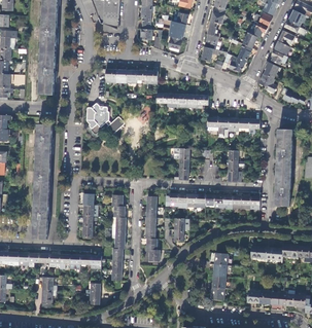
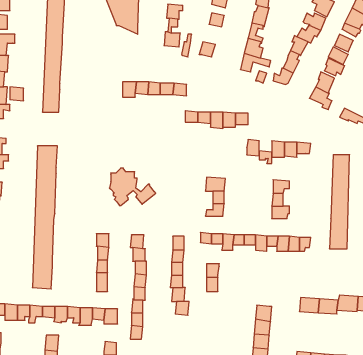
building: [85,104,124,135] -> [109,168,156,206]

